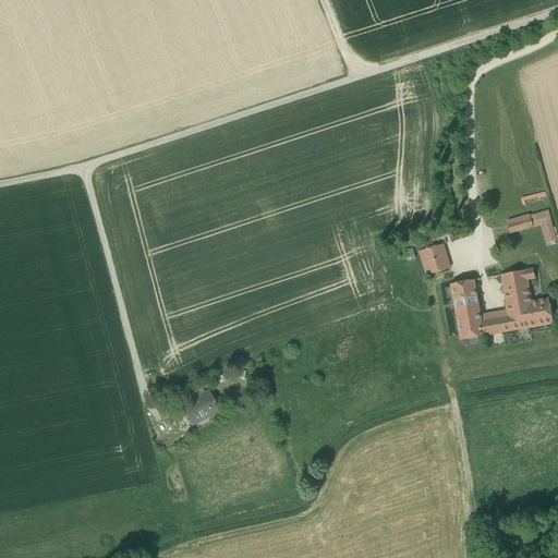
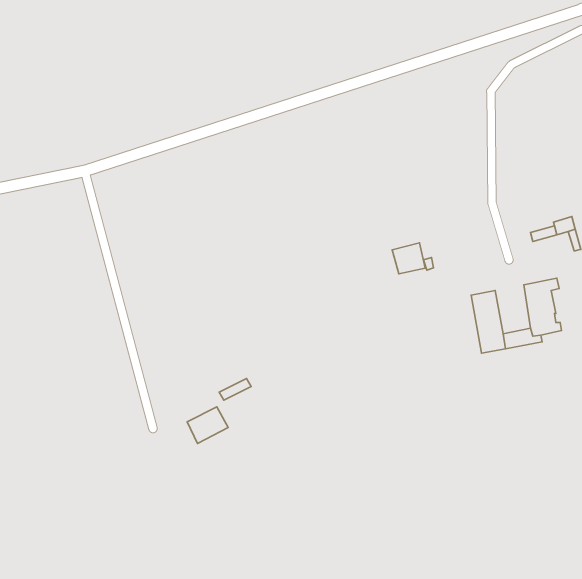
building: [417,243,449,272] -> [392,243,425,274]
building: [517,296,551,327] -> none

